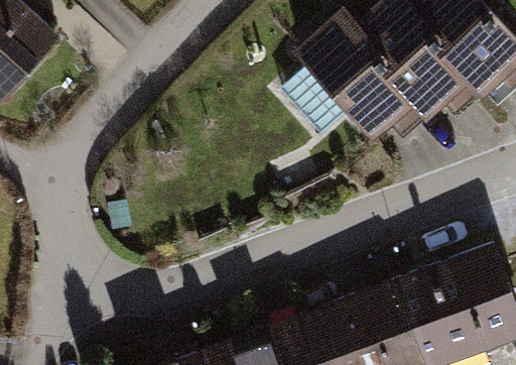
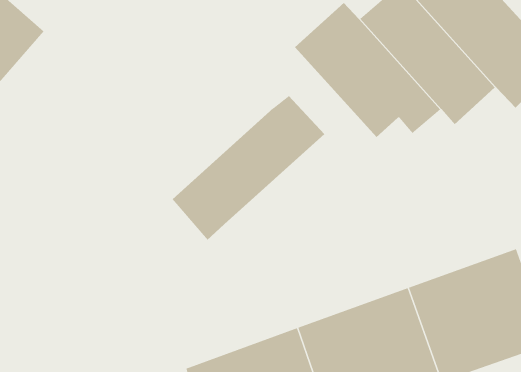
building: none -> [172,95,325,240]

